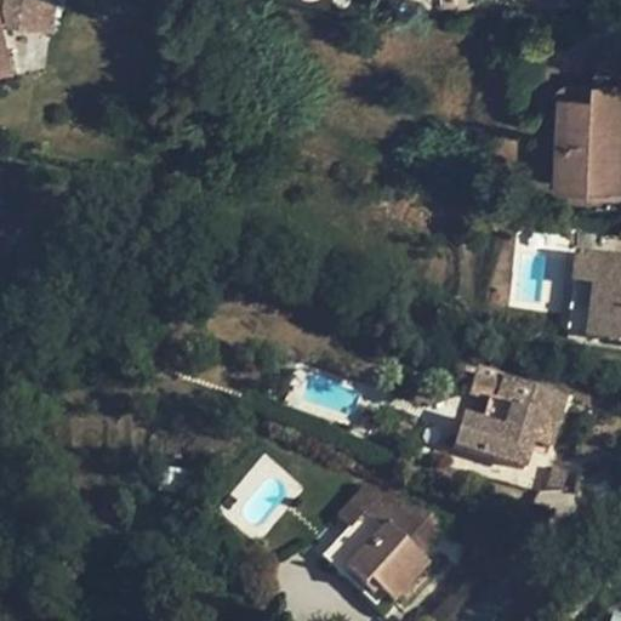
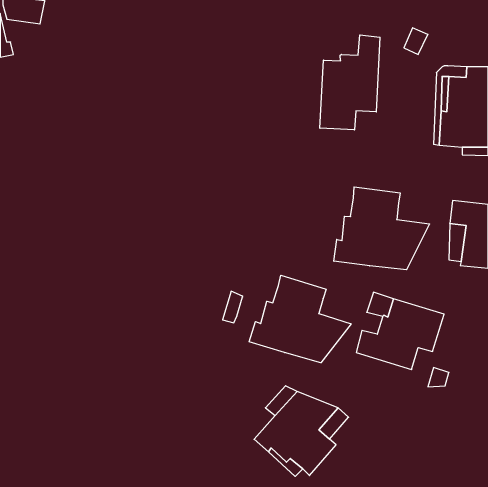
building: none -> [320,35,380,130]
building: none -> [334,187,430,270]
building: none -> [249,275,351,363]

